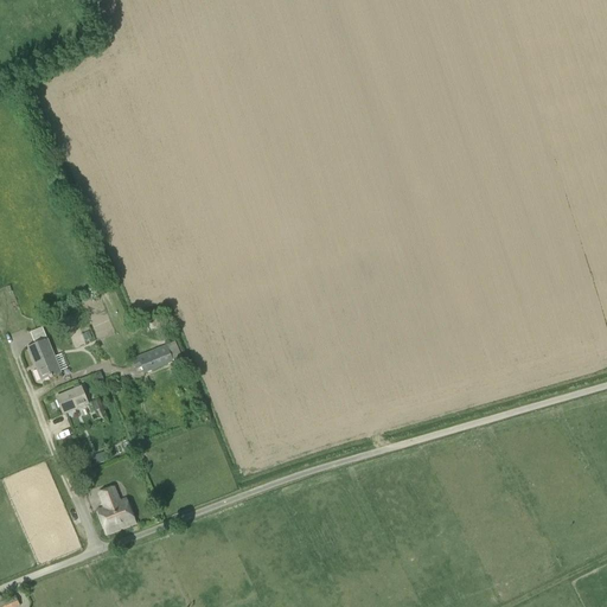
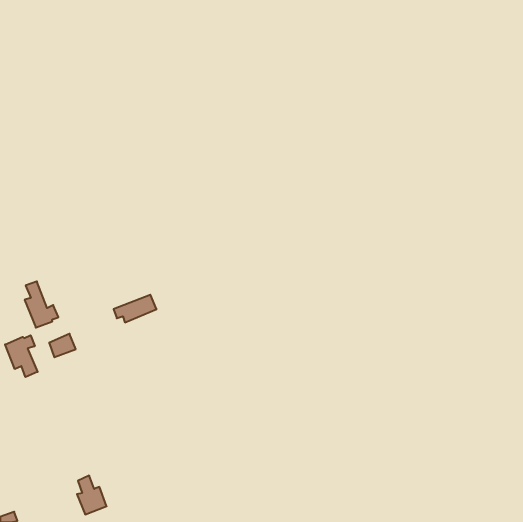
building: none -> [5,335,38,377]
building: [98,487,133,532] -> [77,476,107,514]

